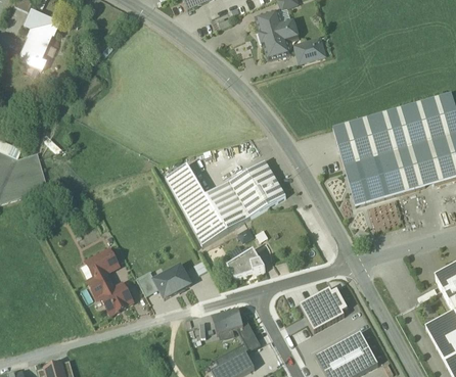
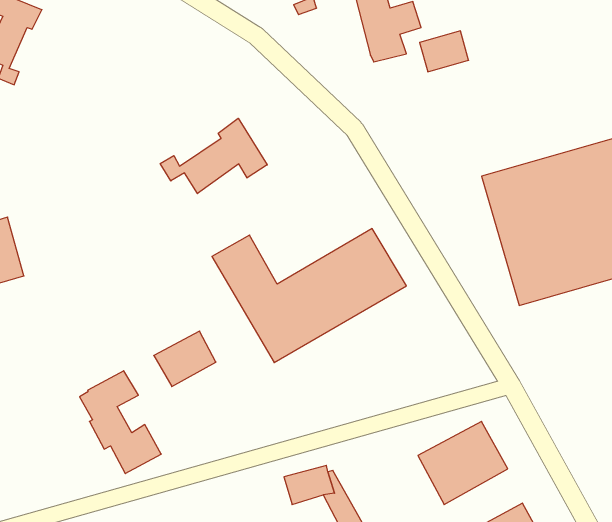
building: none -> [160,118,267,194]
building: [224,247,266,277] -> none
building: [148,260,187,294] -> [154,331,216,387]

